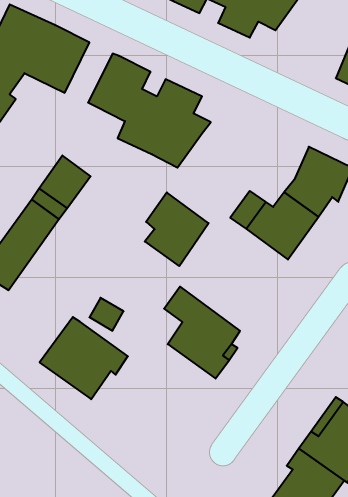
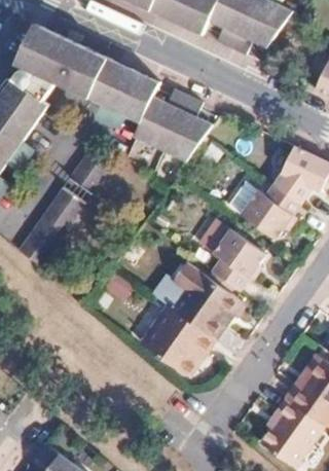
building: none -> [87,59,127,109]
building: [145,192,209,266] -> [211,229,264,291]
building: [40,317,128,399] -> [140,307,214,376]

